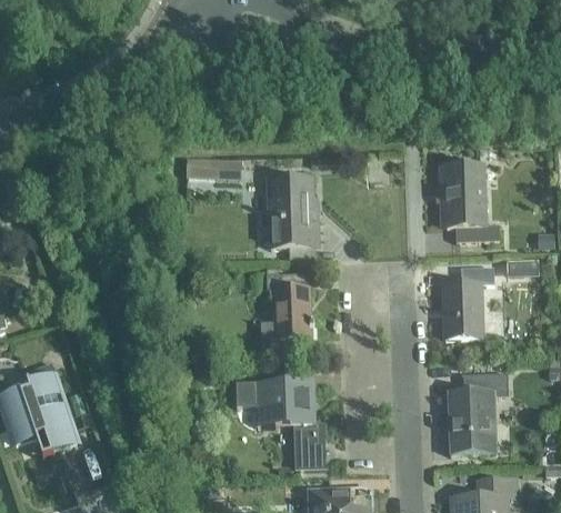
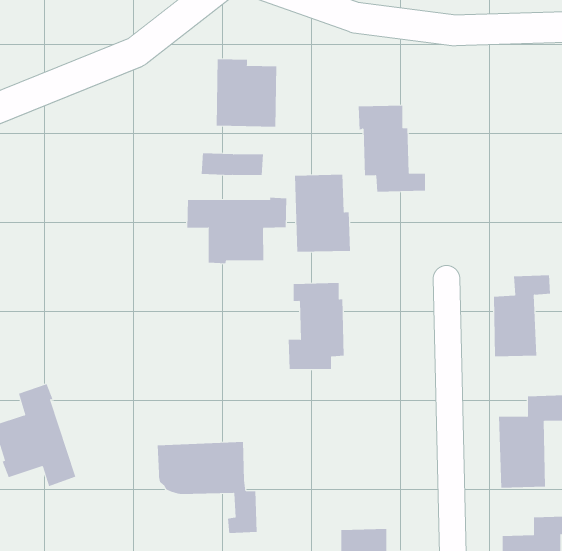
building: none -> [216,58,277,127]
building: [439,163,499,240] -> [358,105,426,192]
building: none -> [187,197,287,264]
building: [237,378,325,459] -> [157,442,258,534]

